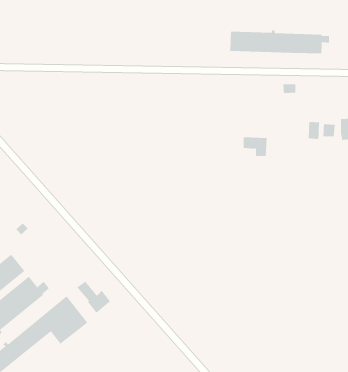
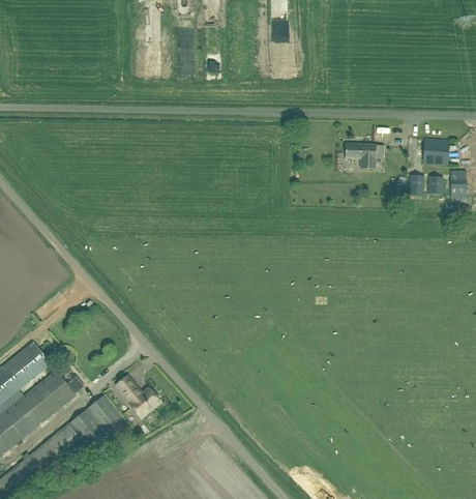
building: [230,30,329,54] -> none
building: none -> [423,138,449,166]
building: [243,137,267,157] -> [345,143,376,168]

